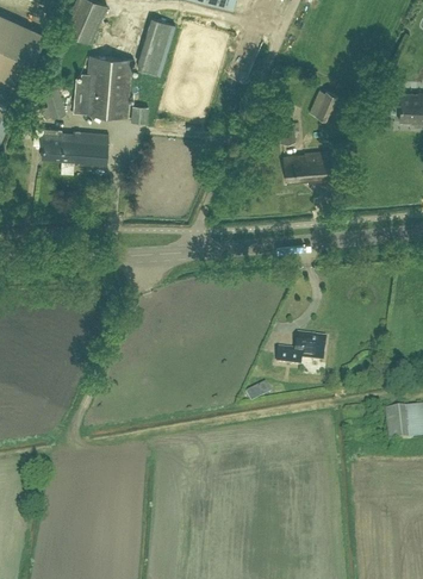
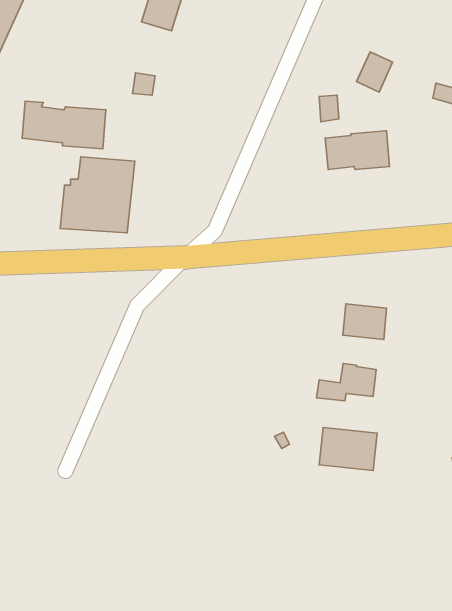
building: [73,56,132,117] -> [60,157,135,233]
building: none -> [343,304,387,340]
building: none -> [319,427,377,470]

